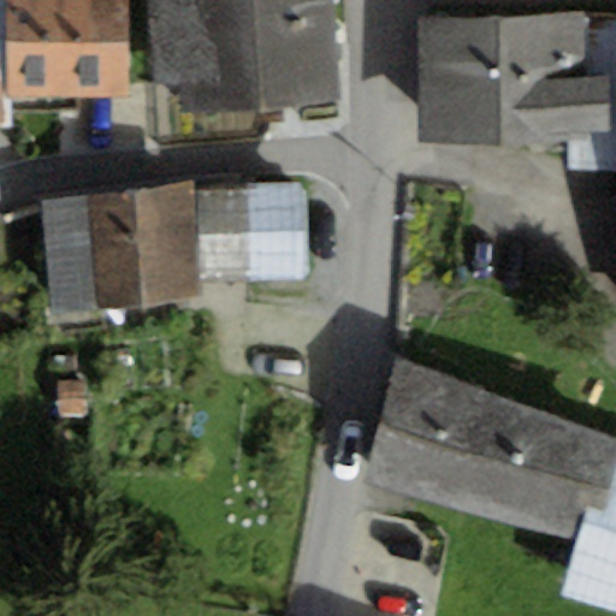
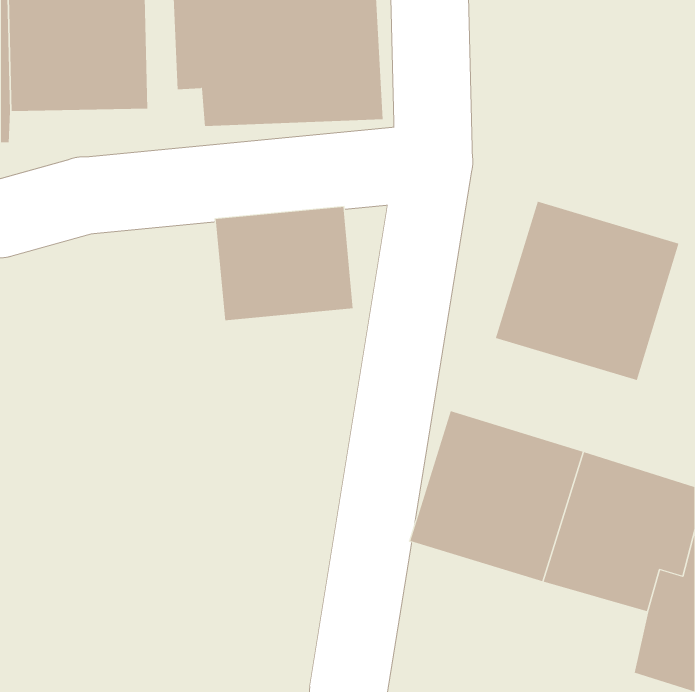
building: [414,12,610,142] -> none
building: none -> [495,201,679,381]
building: [37,179,200,314] -> none

